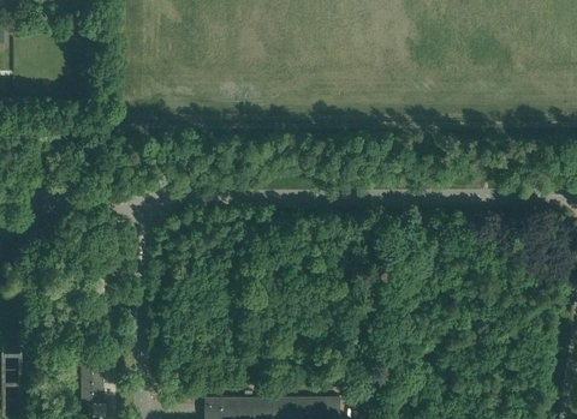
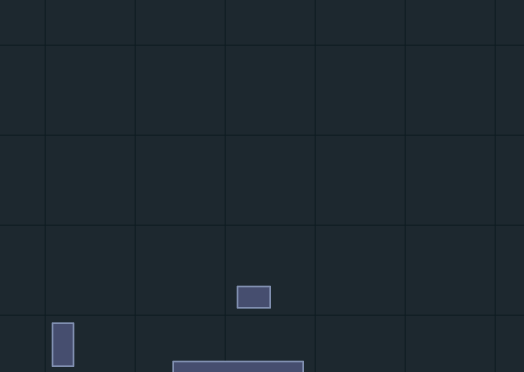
building: none -> [238,287,270,308]

